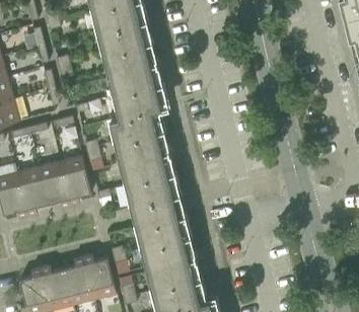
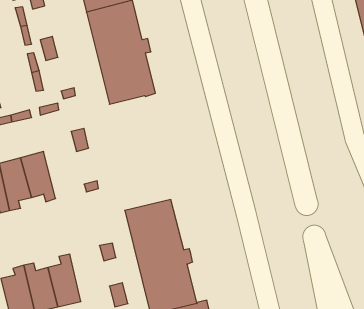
building: [111,109,176,216] -> none
building: [59,156,91,205] -> none
building: [83,253,116,300] -> none

